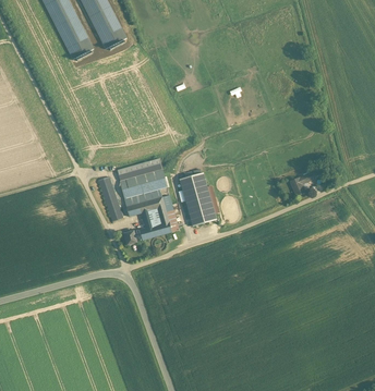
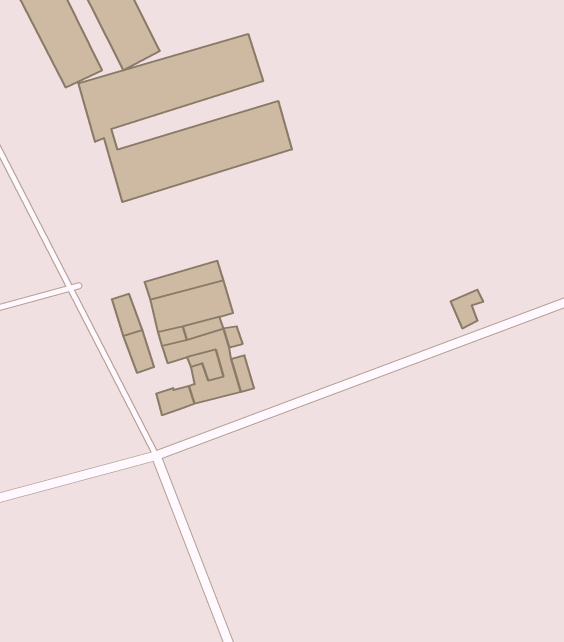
building: none -> [78,34,292,202]
building: [179,171,216,225] -> none

